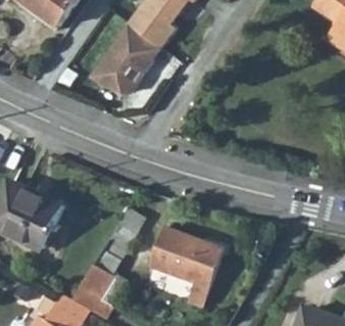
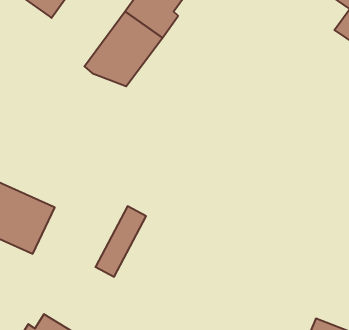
building: [146,226,221,308] -> none
building: [71,266,111,312] -> none

